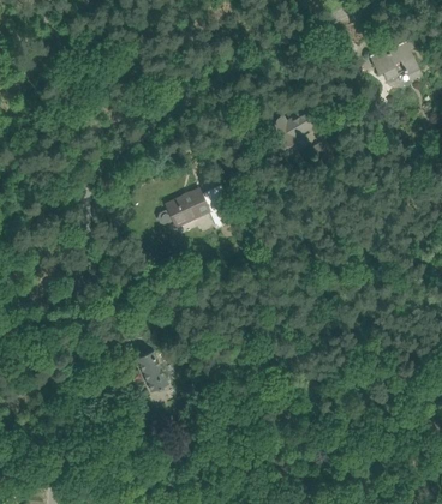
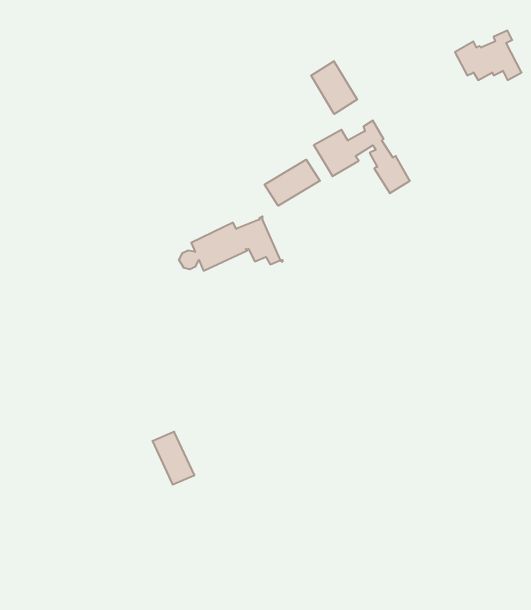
building: none -> [311,61,357,114]
building: none -> [265,160,320,206]

